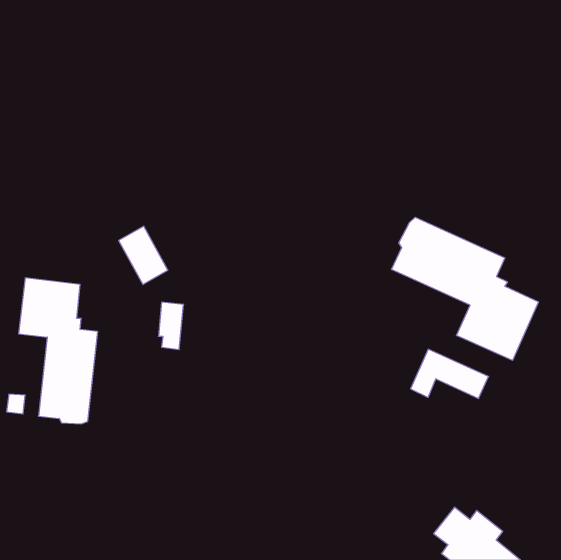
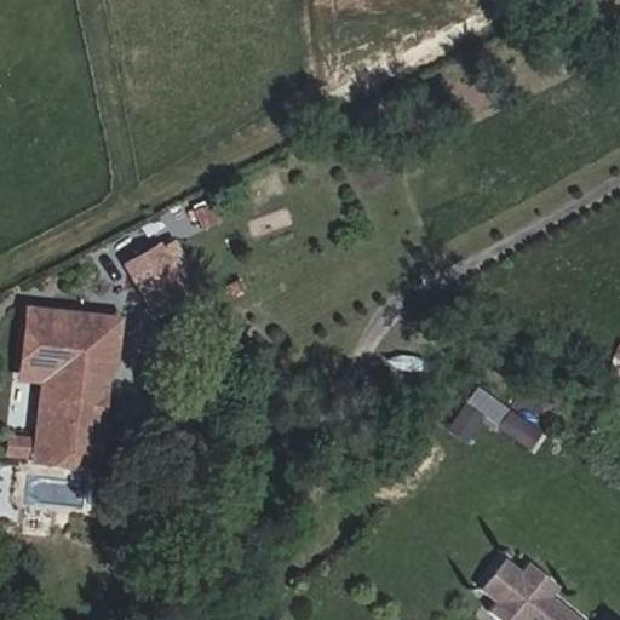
building: [392,217,538,360] -> none
building: [158,302,184,349] -> [85,314,113,366]

